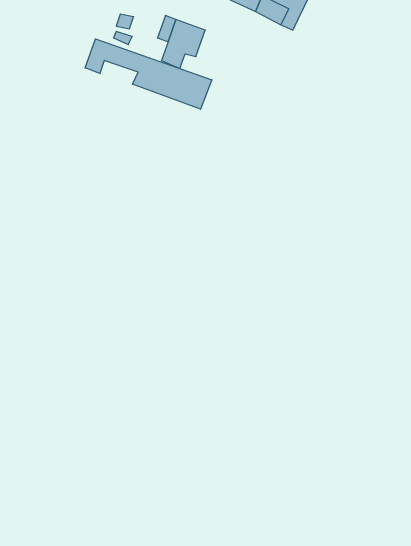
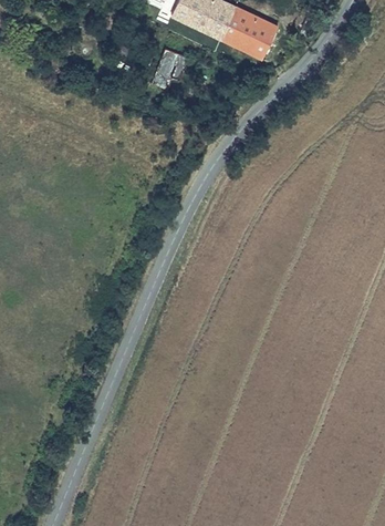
building: [85,39,212,109] -> none

